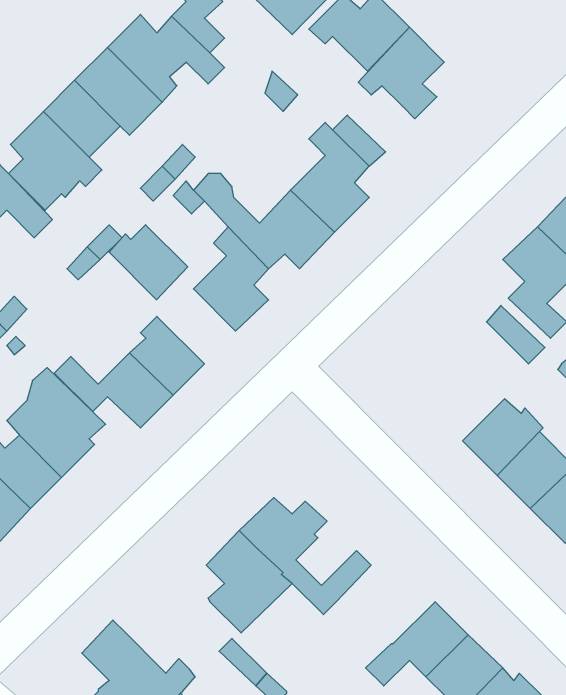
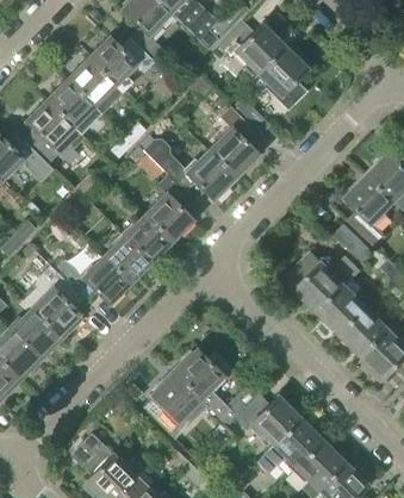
building: [109,225,188,300] -> [119,216,170,264]
building: none -> [285,251,361,315]
building: none -> [235,396,300,447]

